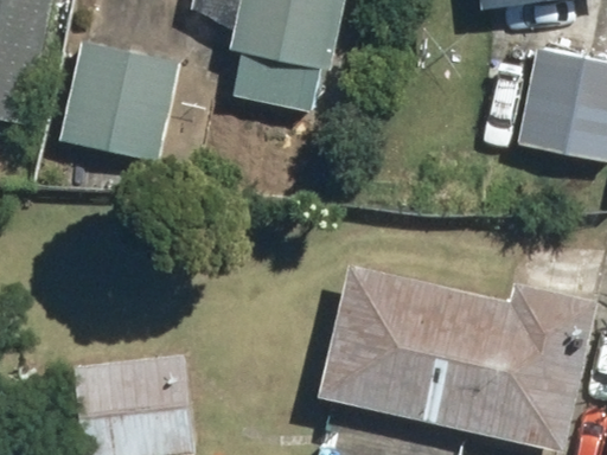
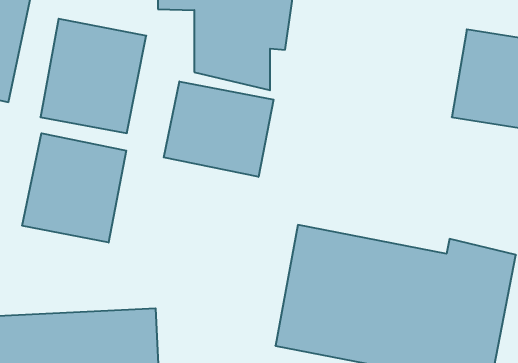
building: none -> [164,81,274,177]
building: none -> [22,133,126,243]

